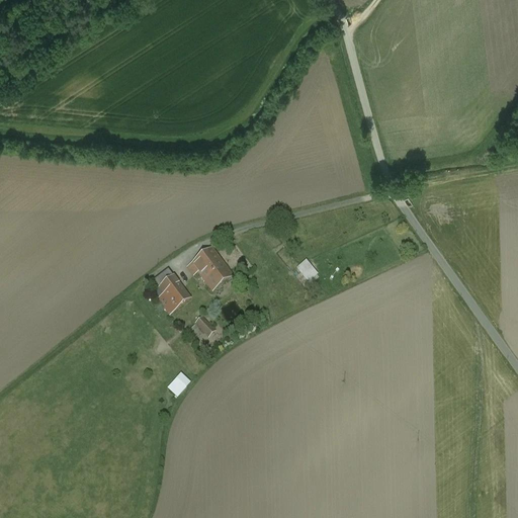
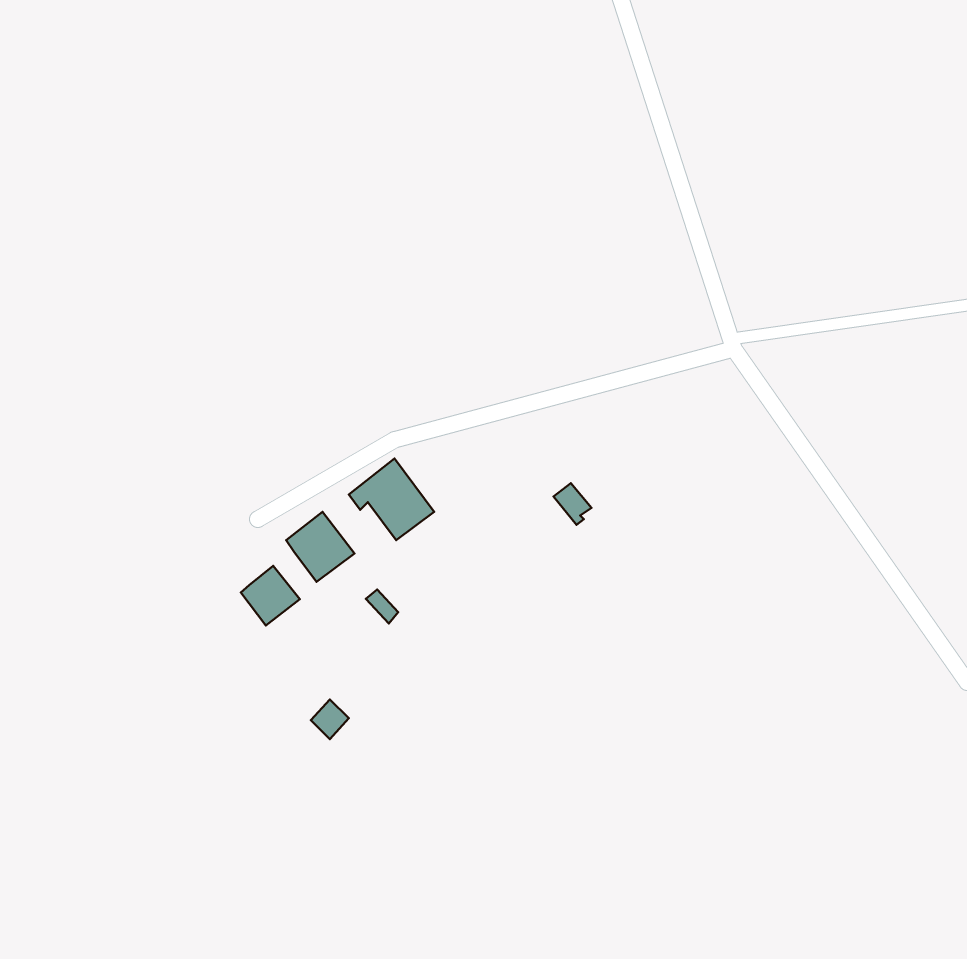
building: none -> [241,566,300,626]

